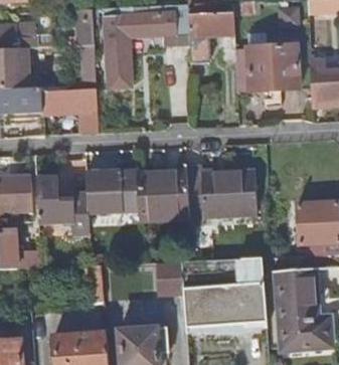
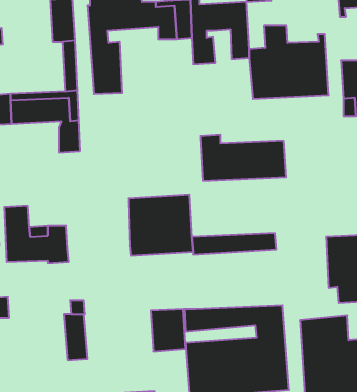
building: [187,166,257,203] -> [200,135,286,181]
building: [87,170,139,212] -> none

